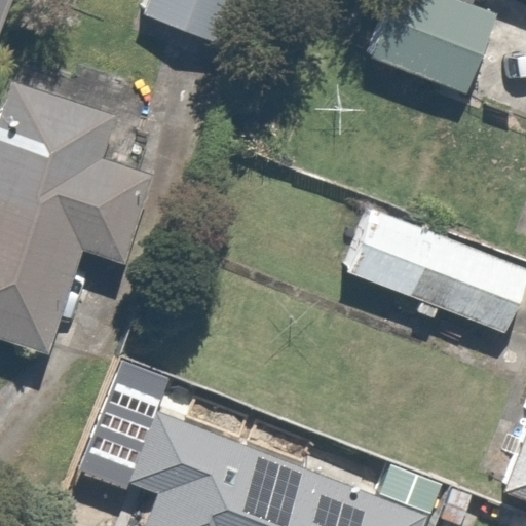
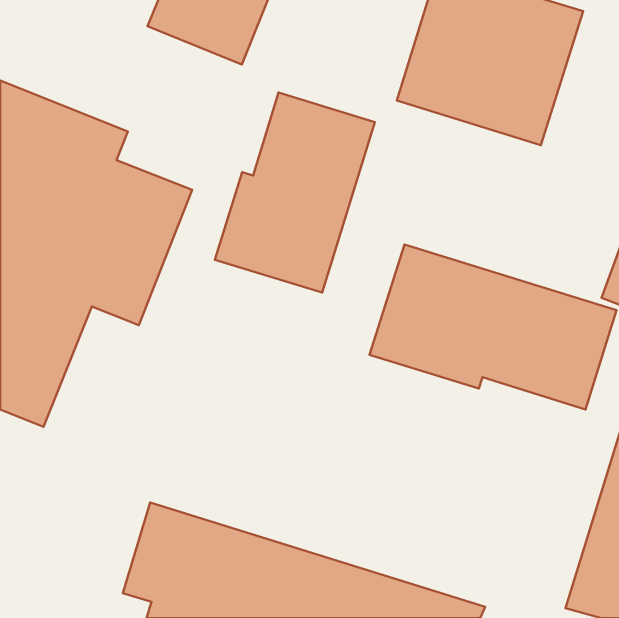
building: none -> [215,93,375,293]

